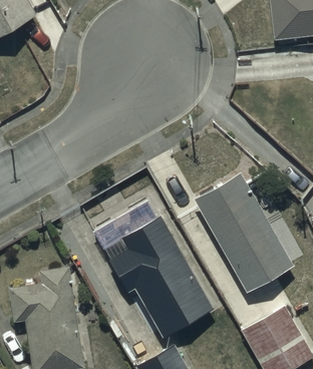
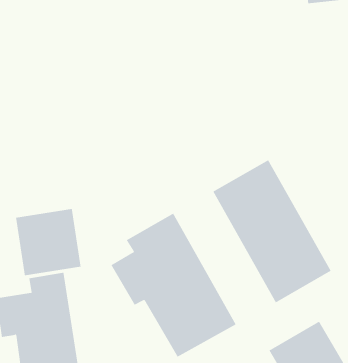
building: none -> [15,208,81,276]

